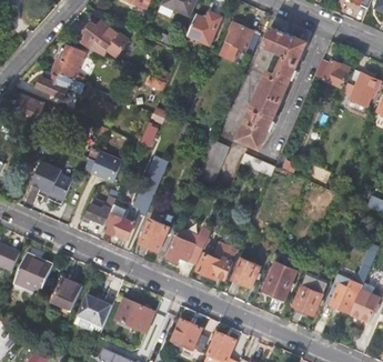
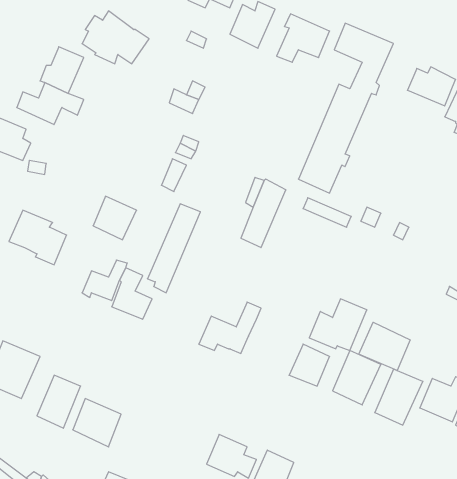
building: [138,214,179,251] -> none
building: none -> [359,322,410,371]
building: [195,242,236,279] -> [309,299,367,350]
building: [114,298,153,332] -> none

